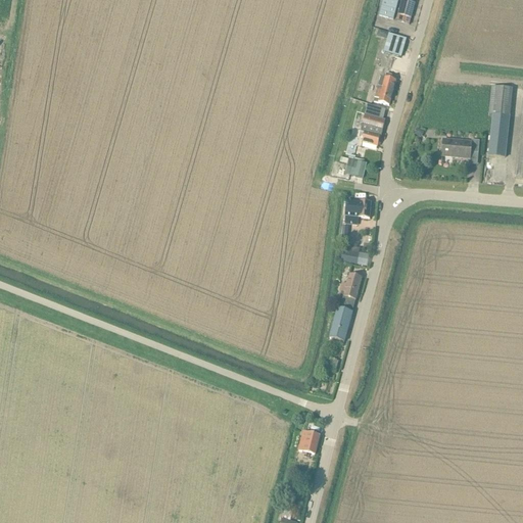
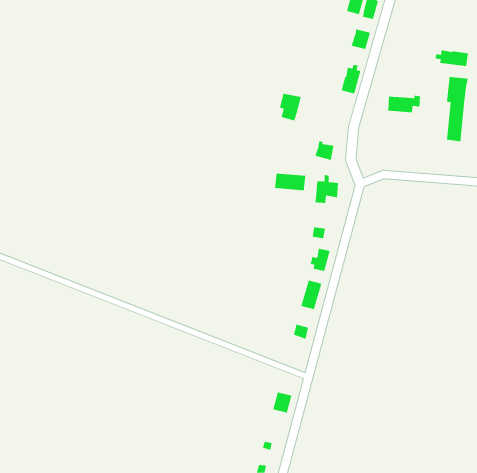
building: none -> [435,50,468,67]
building: [360,113,384,144] -> [279,93,301,121]
building: [442,137,479,156] -> [387,95,421,113]
building: none -> [274,173,306,191]

